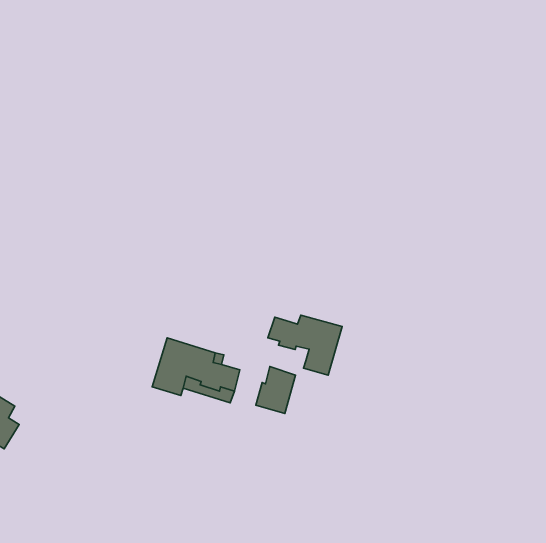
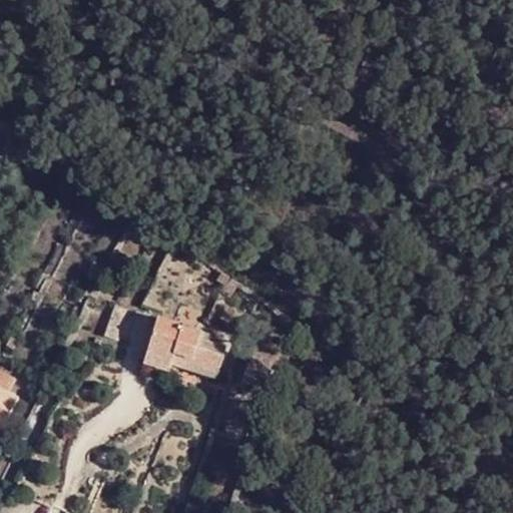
building: [268,315,342,375] -> none

